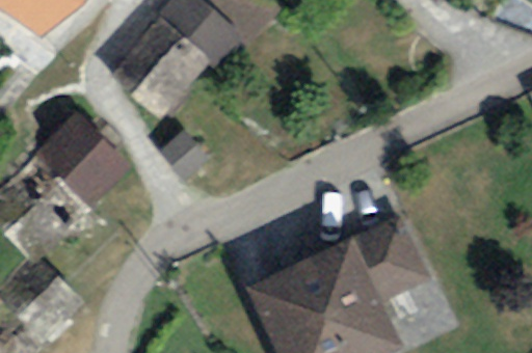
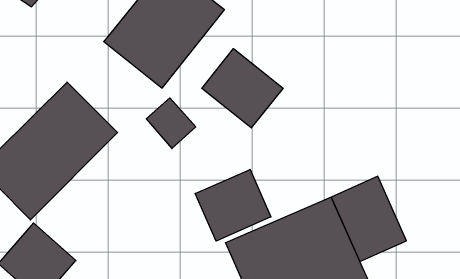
building: none -> [202,49,283,128]
building: none -> [195,169,271,241]

